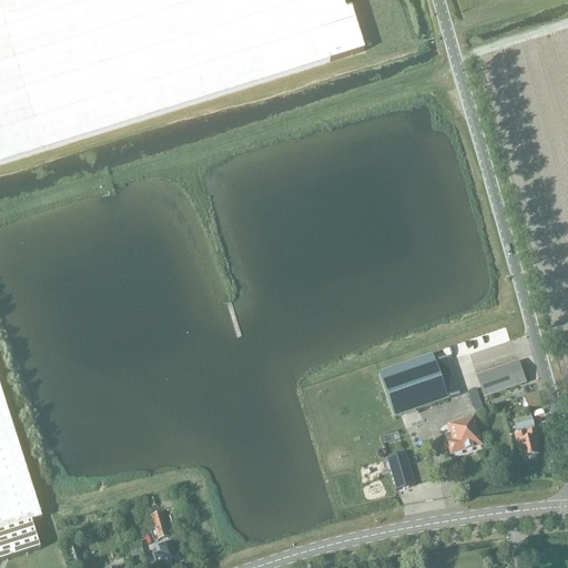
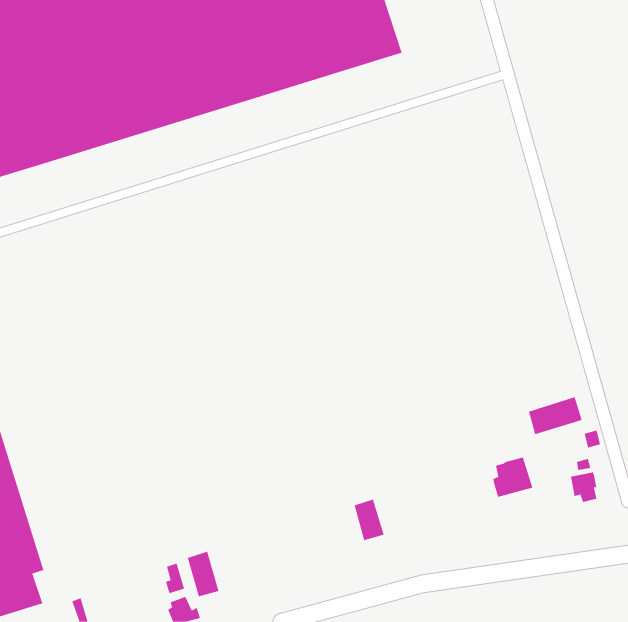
building: [377,349,446,412] -> none
building: [385,447,413,485] -> [354,499,385,541]
building: none -> [187,551,219,597]

